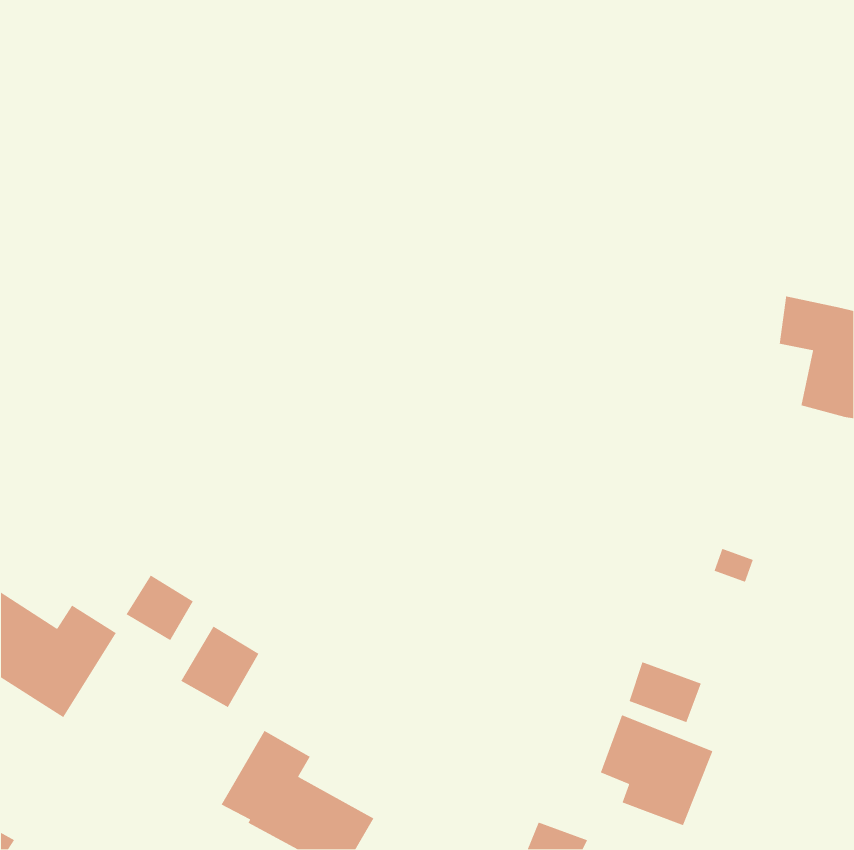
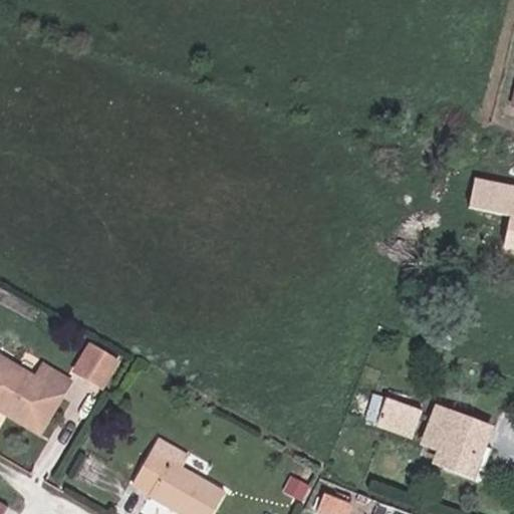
building: [180,625,259,708] -> none
building: [600,714,713,826] -> [423,407,491,474]

